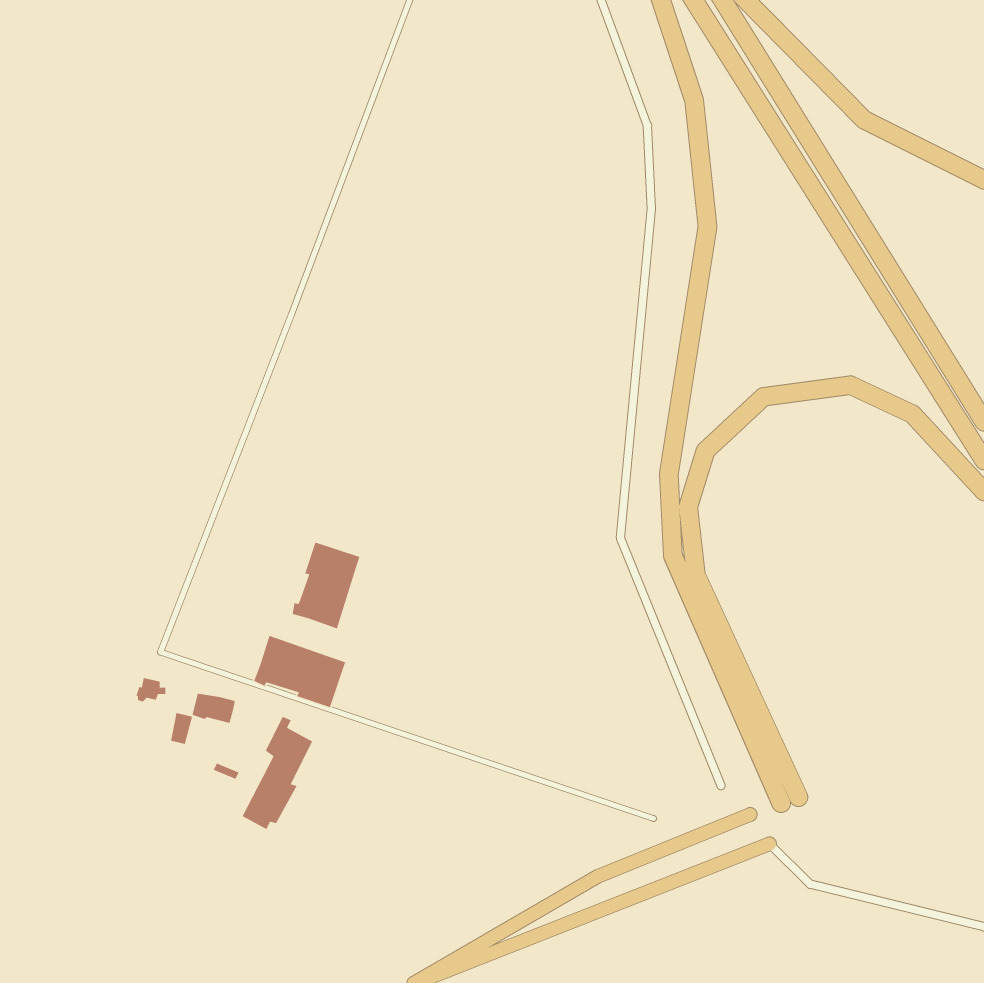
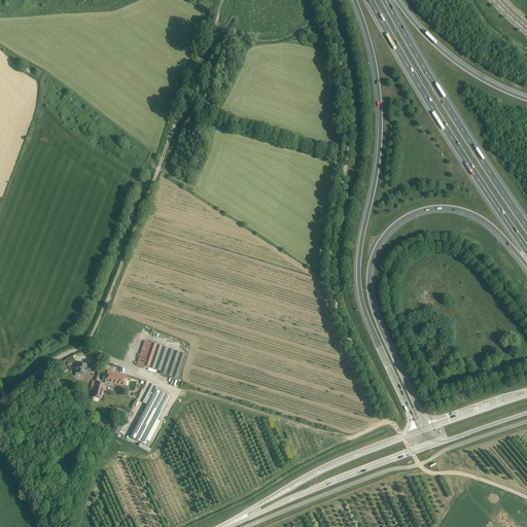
building: [292,541,360,630] -> none

